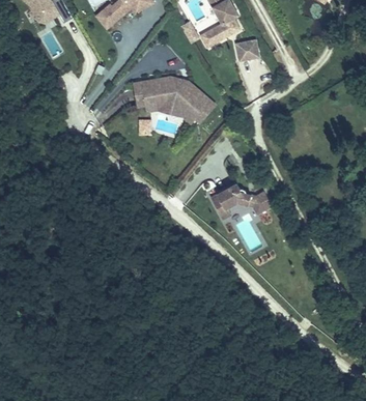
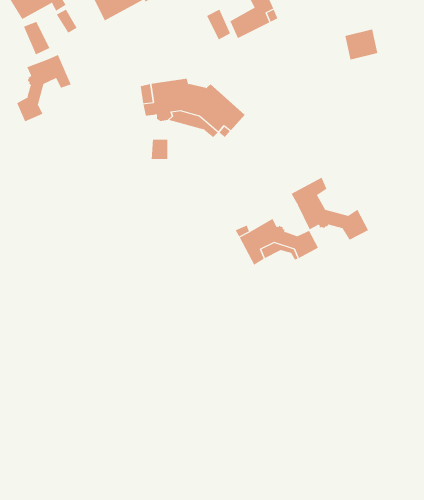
building: [235,39,261,63] -> [344,29,378,60]
building: none -> [17,54,71,122]
building: none -> [291,177,369,241]

